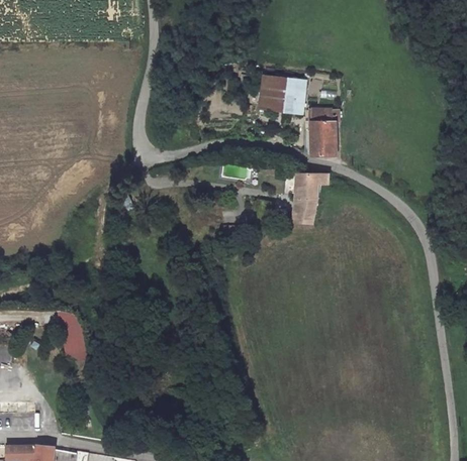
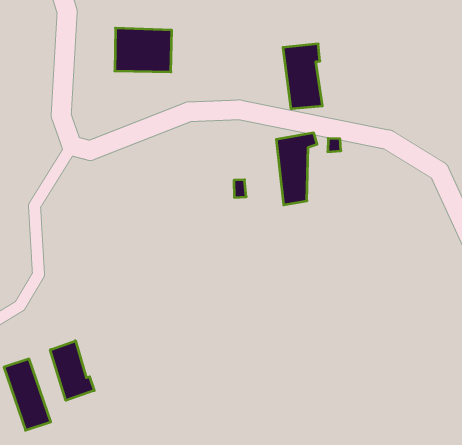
building: [260,71,308,111] -> [115,28,172,72]
building: none -> [50,341,94,400]

